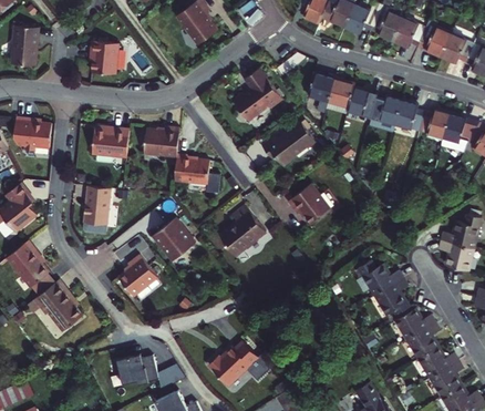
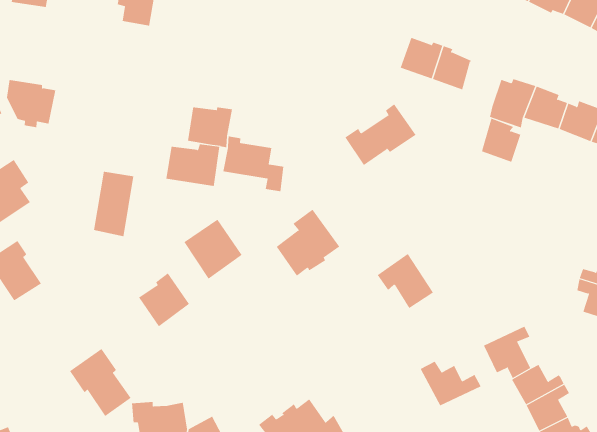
building: [231,70,281,121] -> none
building: [347,86,375,119] -> [481,118,521,162]
building: [90,125,128,156] -> [166,144,220,187]
building: [288,183,331,224] -> [377,253,434,309]
building: [359,263,405,296] -> [420,361,481,406]
building: [31,280,79,331] -> [69,348,132,417]

